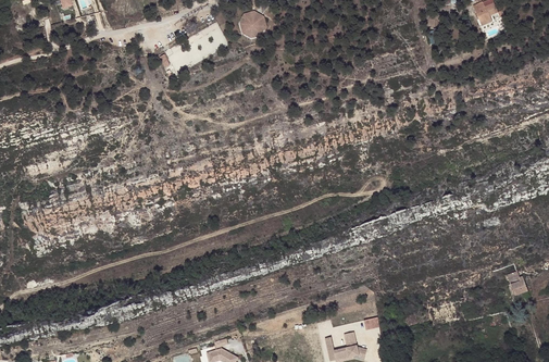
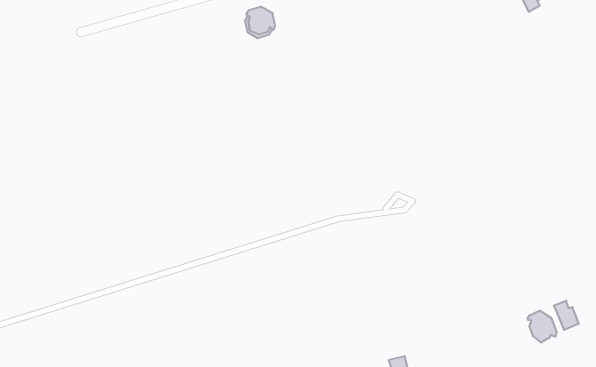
building: none -> [527,311,556,343]

